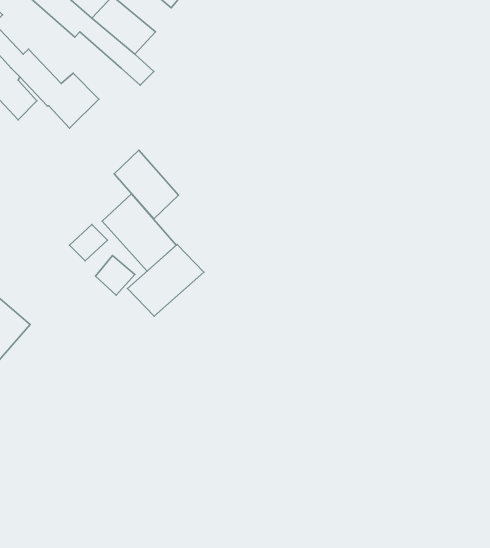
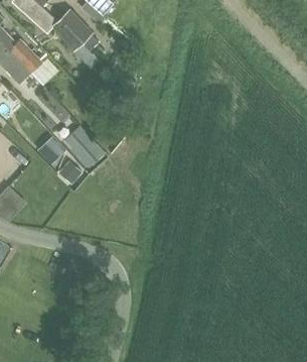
building: [114,150,178,219] -> none
building: [127,245,204,316] -> none

